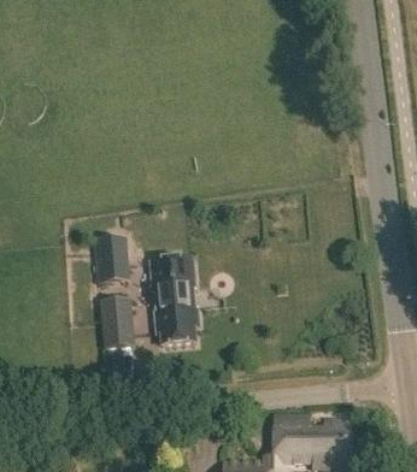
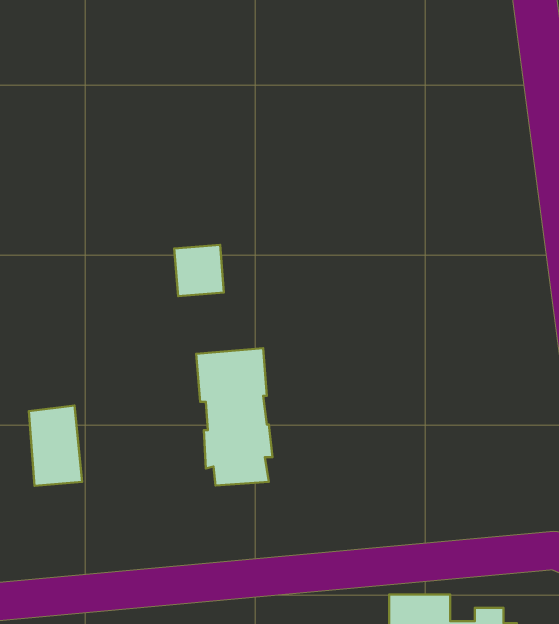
building: [96,236,128,269] -> [174,245,224,296]
building: [100,295,134,346] -> [29,406,82,486]

